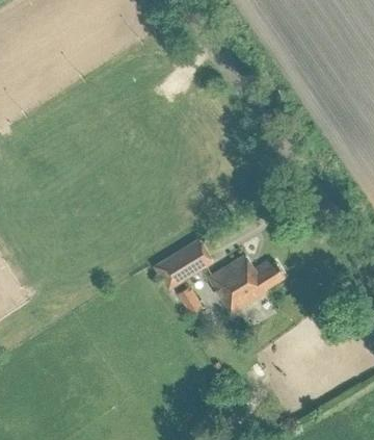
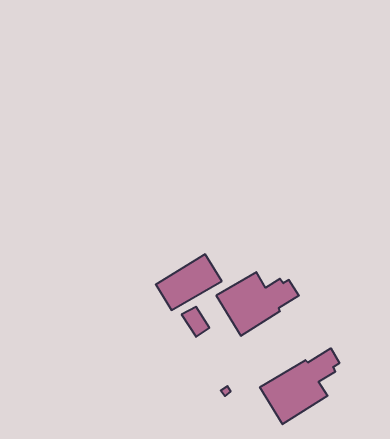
building: none -> [260,348,339,424]

